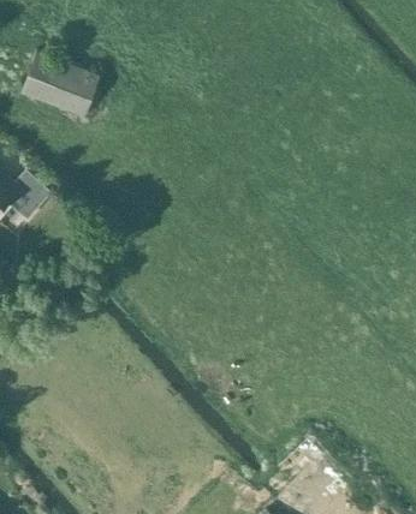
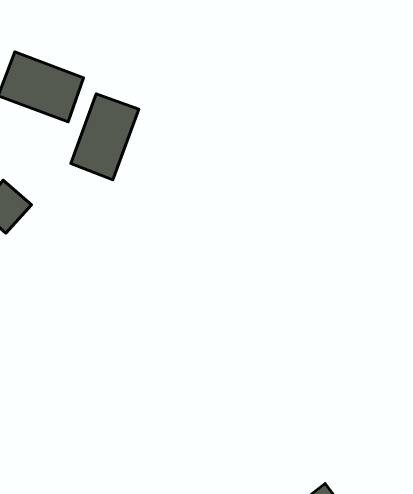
building: none -> [71,94,139,180]

